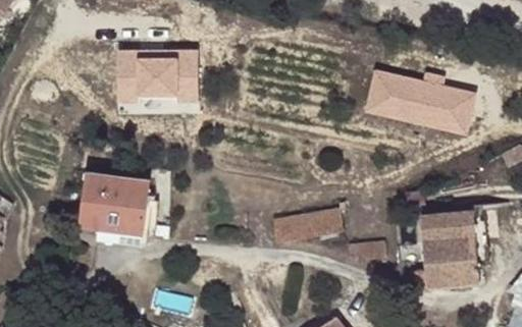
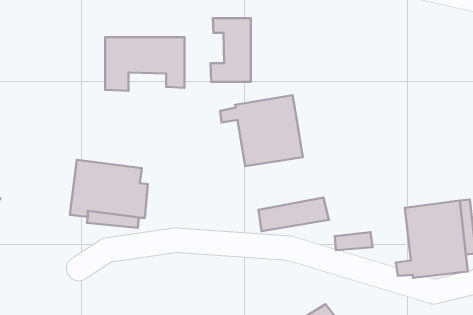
building: none -> [211,18,251,82]
building: [366,71,472,134] -> none
building: none -> [220,95,303,166]

